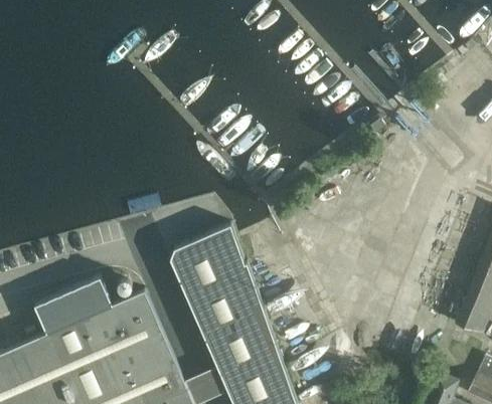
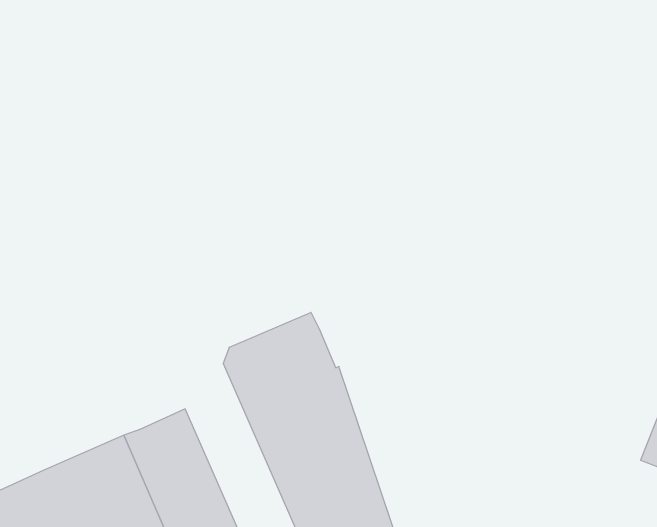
building: [35,278,113,335] -> none

